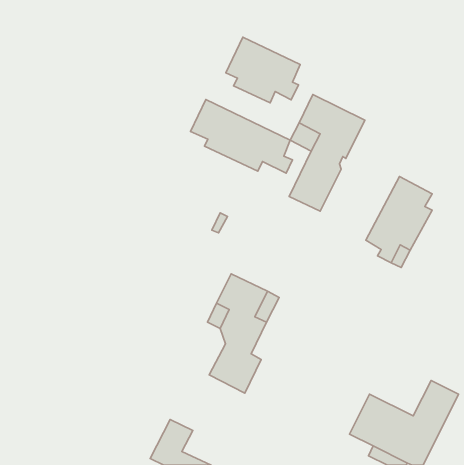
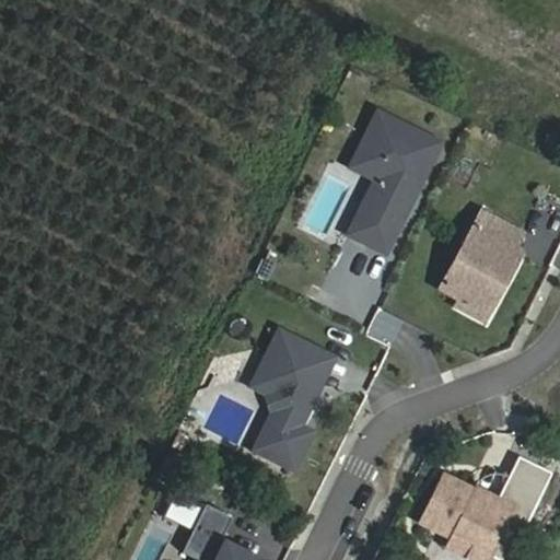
building: [226,37,300,103] -> none
building: [191,100,292,173] -> none

